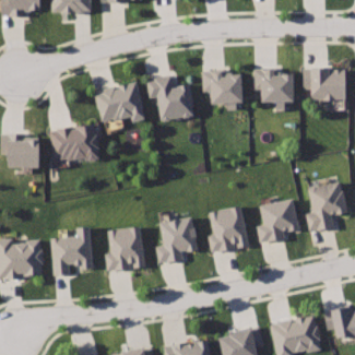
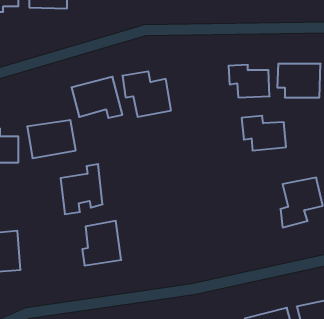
building: [201,69,246,104] -> [242,116,286,150]
building: [258,200,298,242] -> none
building: [209,205,250,252] -> none
building: [156,216,199,263] -> none
building: [50,226,93,276] -> [60,164,103,214]

